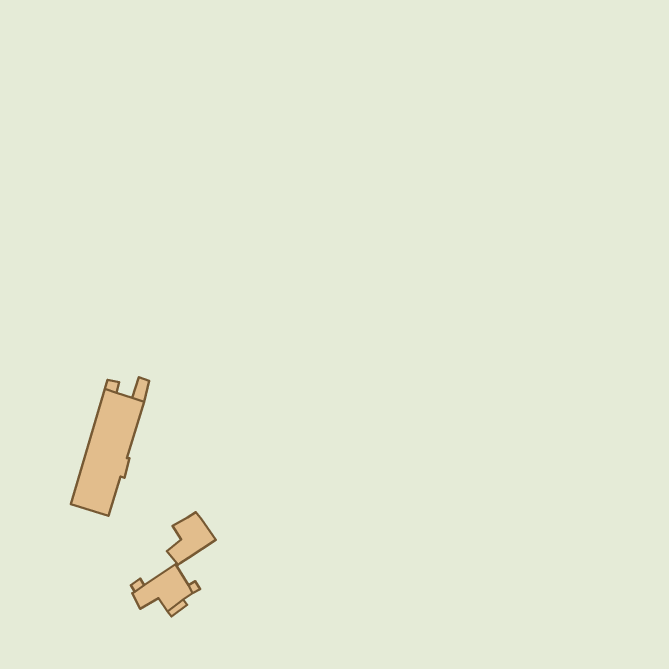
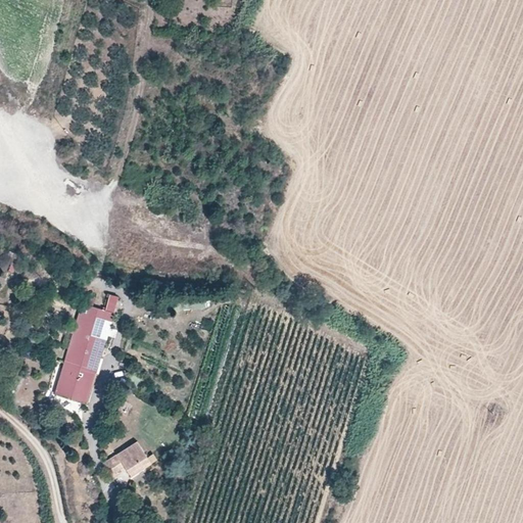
building: [167,512,216,565] -> none

